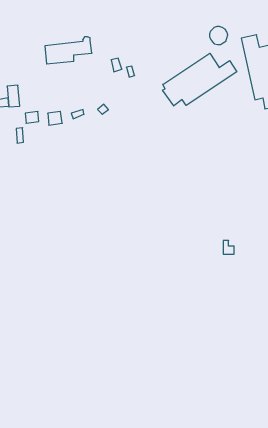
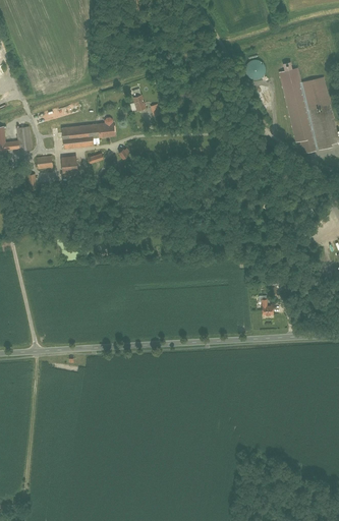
building: [45,37,92,64] -> [62,118,115,149]
building: [163,53,237,106] -> none

